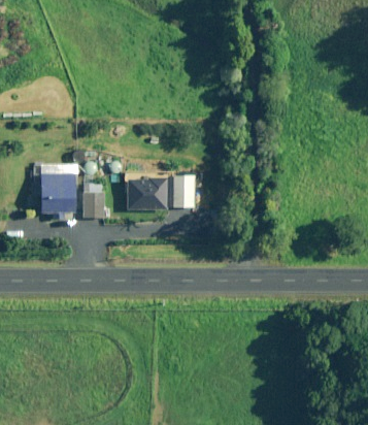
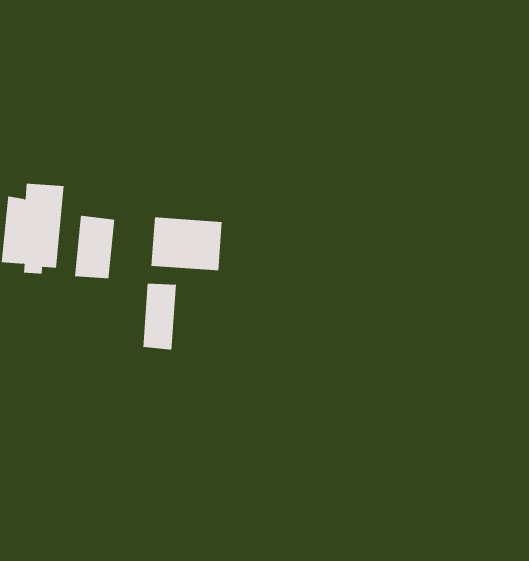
building: [173,175,194,207] -> none
building: none -> [143,283,176,351]

